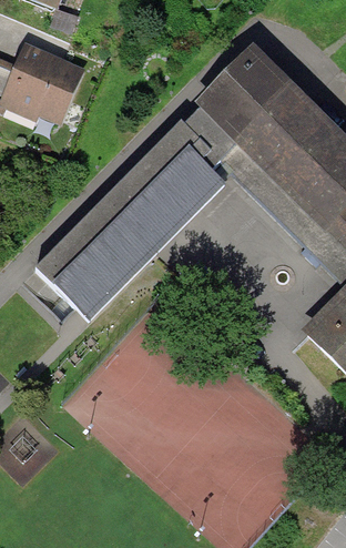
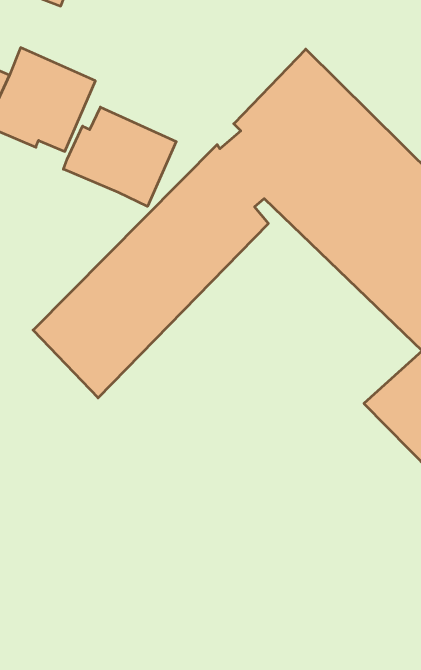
building: none -> [63,107,176,206]

